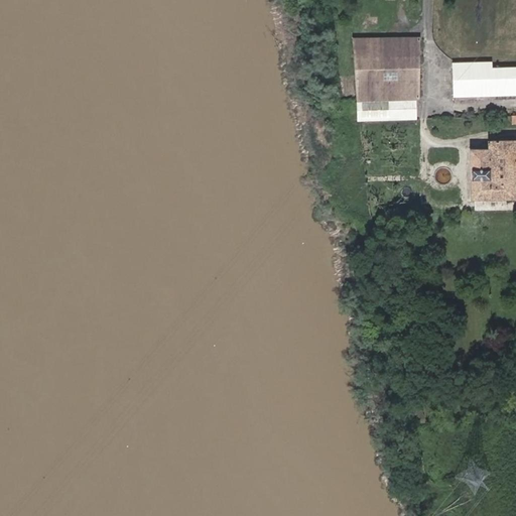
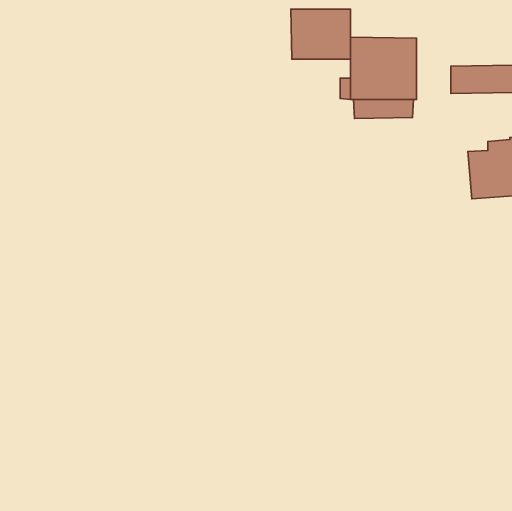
building: none -> [291,9,350,59]

